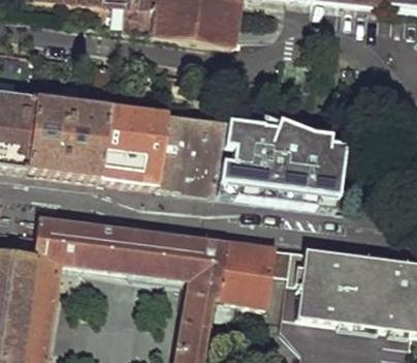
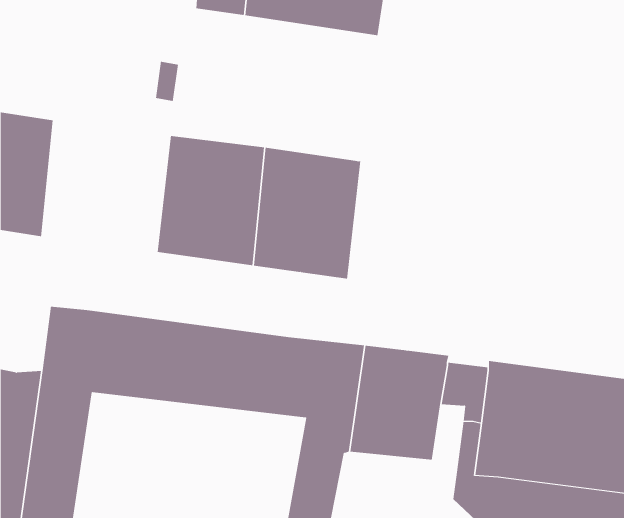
building: [31,99,109,180] -> none
building: [218,115,346,211] -> none

